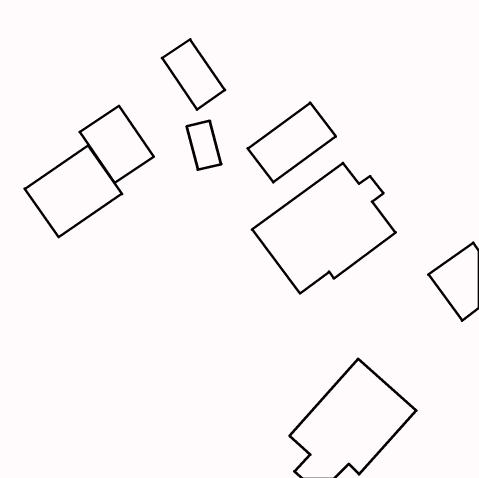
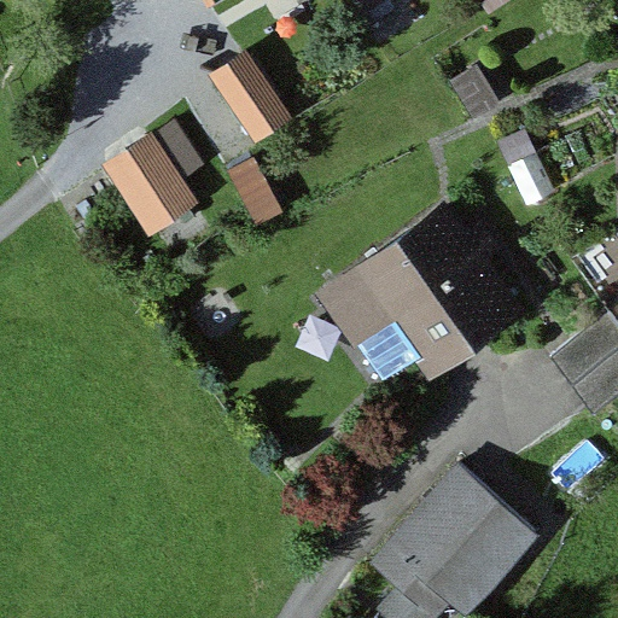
building: [248,103,336,182] -> none
building: [25,146,122,237] -> none

